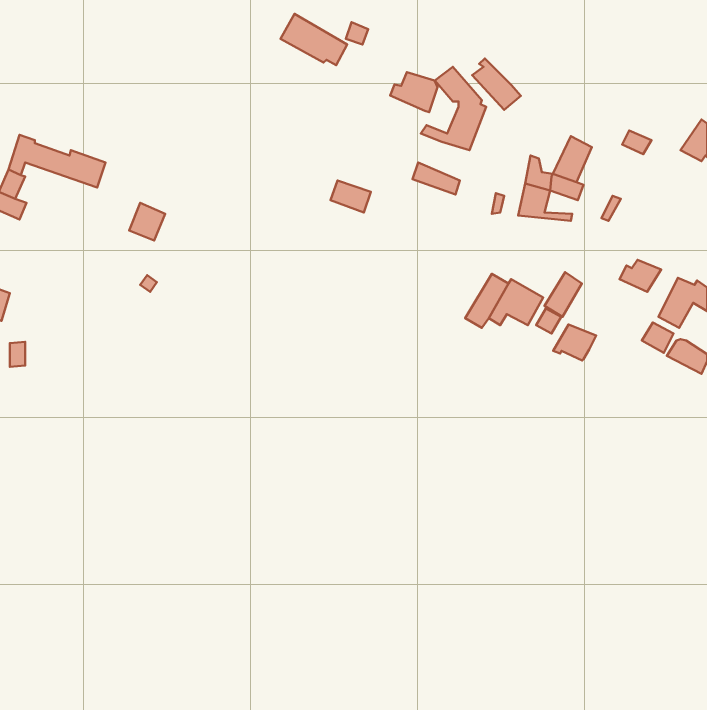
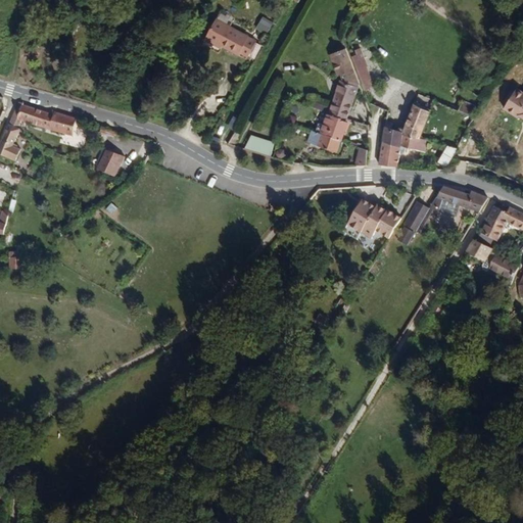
building: [390,72,437,112] -> [313,104,347,134]
building: [553,324,596,360] -> [429,187,461,213]

